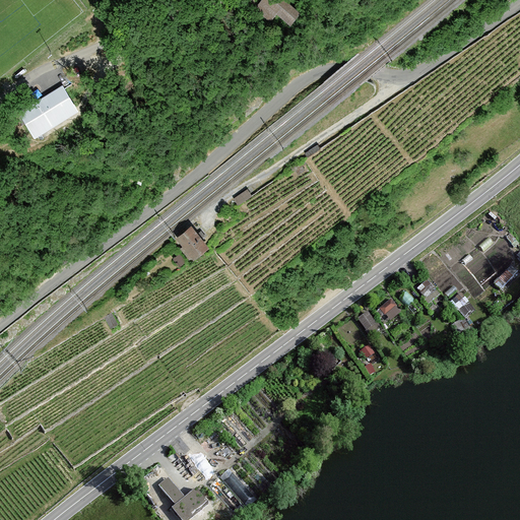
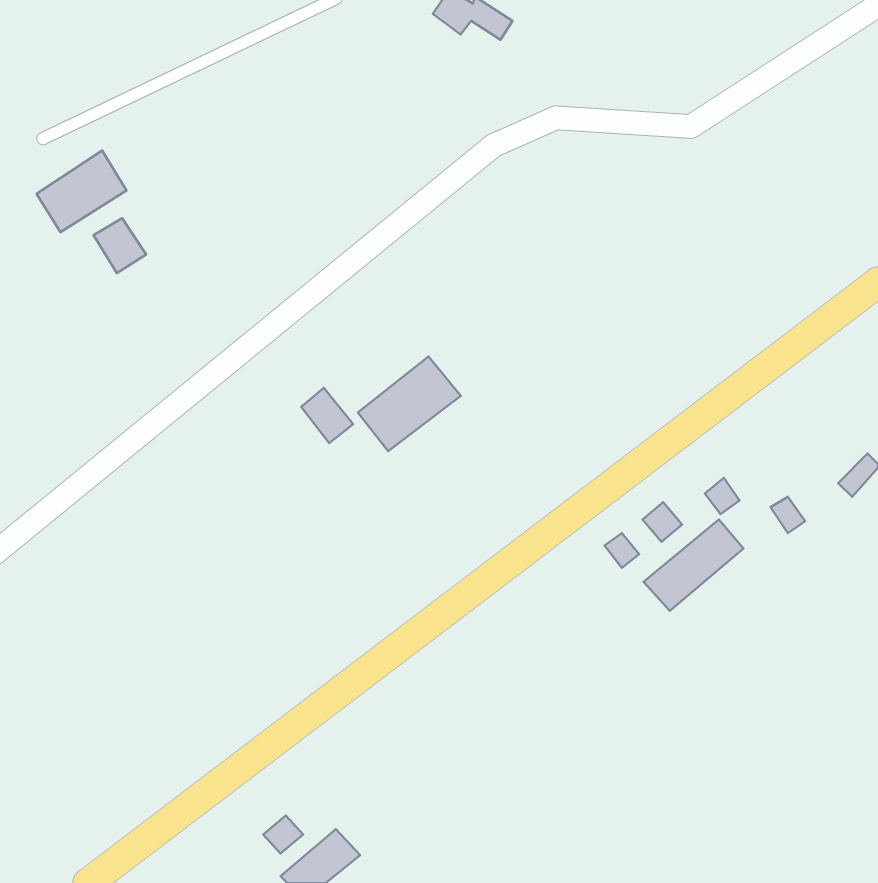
building: none -> [94,218,146,273]
building: none -> [358,356,461,451]
building: none -> [644,519,743,611]

